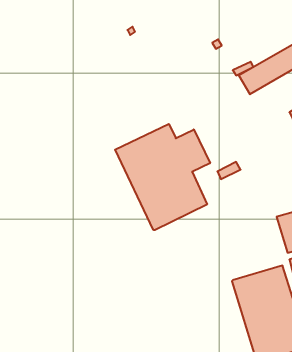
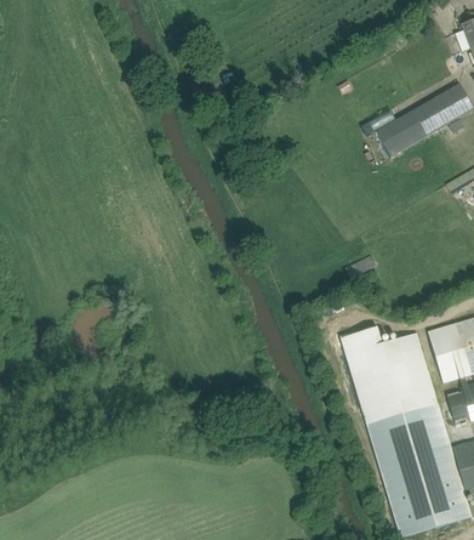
building: [115,124,210,230] -> none
building: none -> [339,324,436,421]

